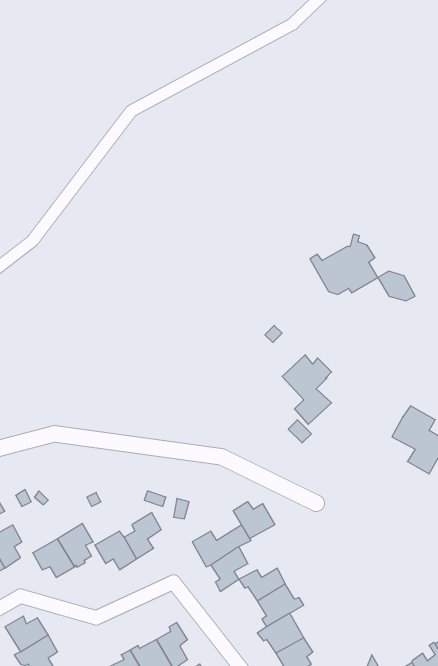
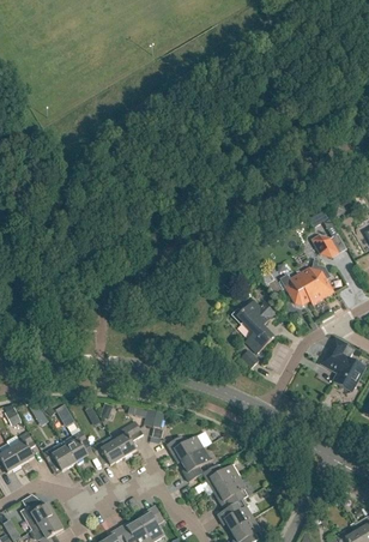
building: [310,234,378,295] -> [280,259,333,306]
building: [233,502,275,538] -> none

